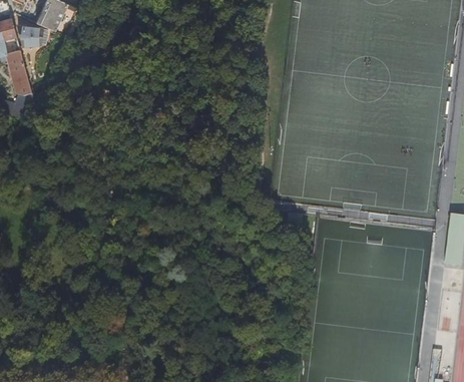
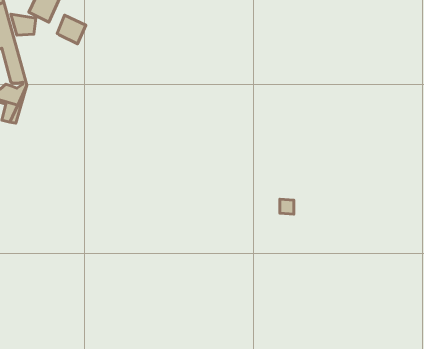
building: none -> [57,15,86,44]

